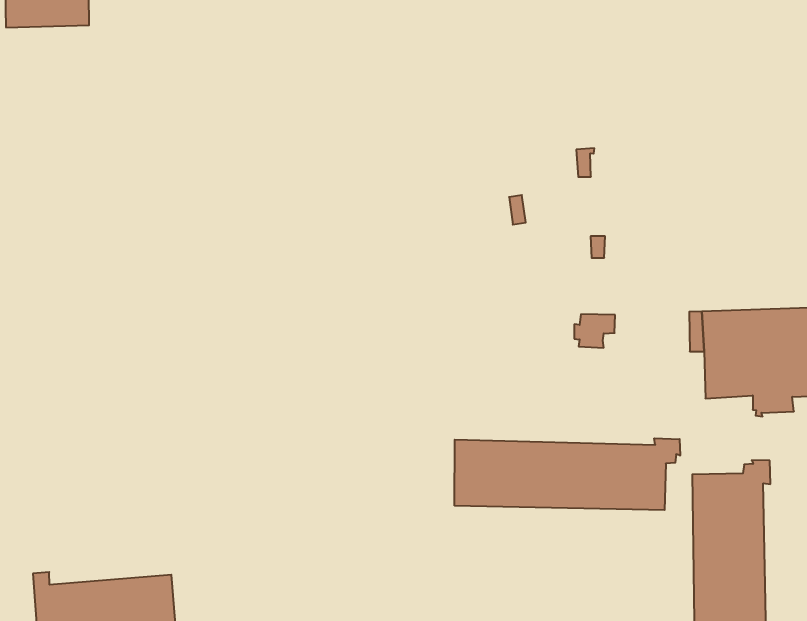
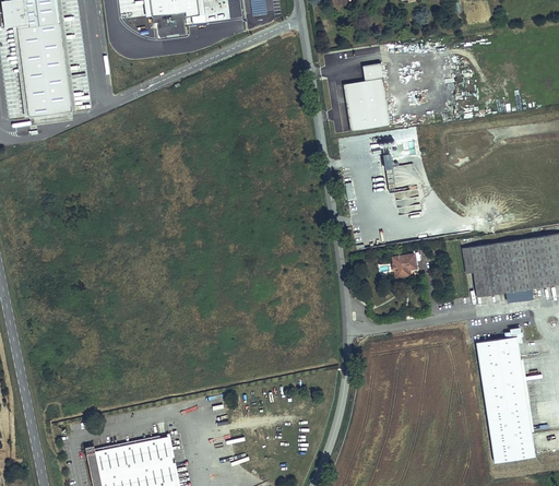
building: none -> [344,67,391,135]
building: [455,438,680,510] -> none

